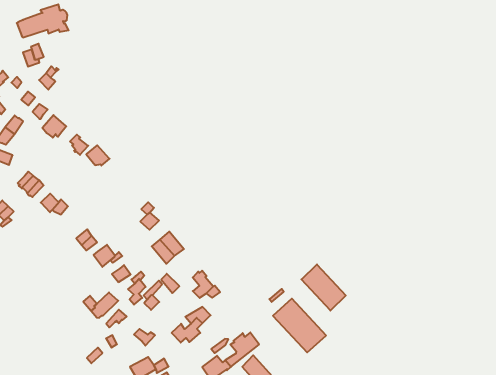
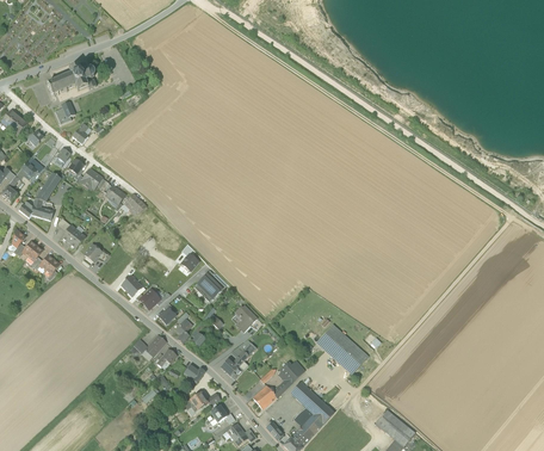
building: [301,264,346,311] -> none

